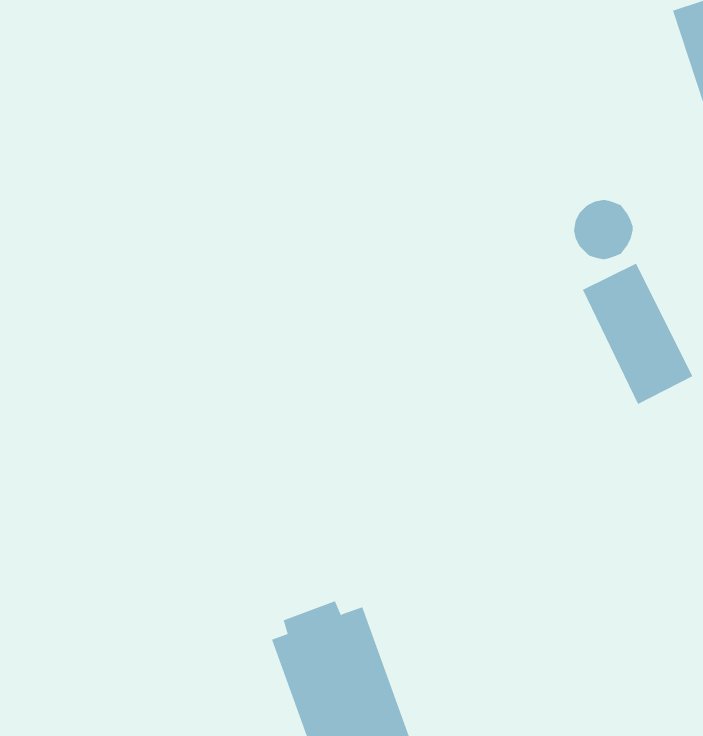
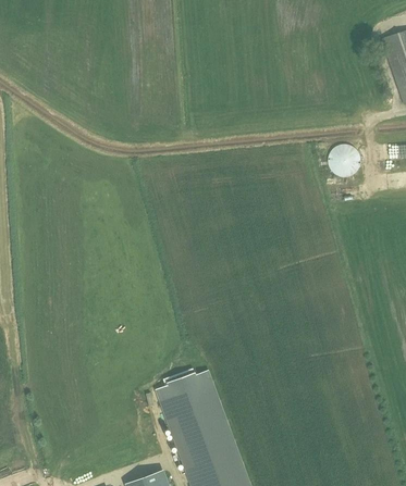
building: [582,263,693,405] -> none

